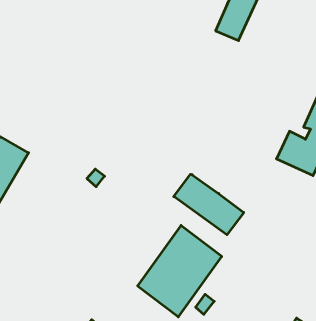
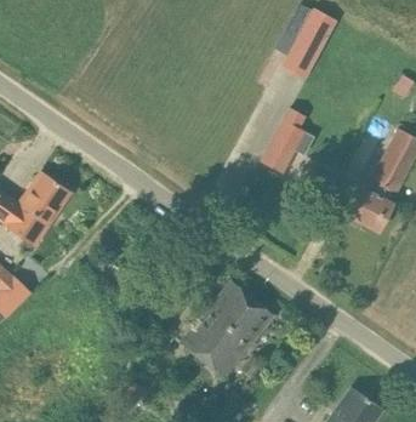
building: none -> [263,110,313,171]
building: [174,174,244,235] -> none

